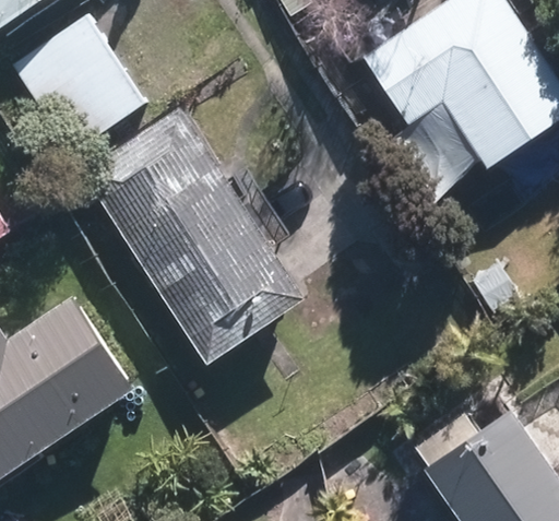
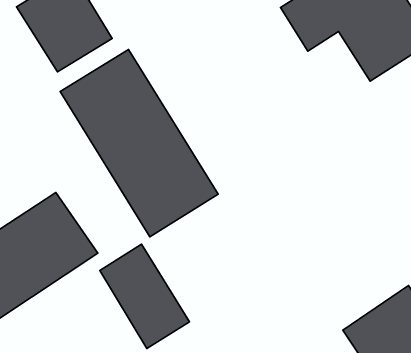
building: none -> [100,244,190,348]

